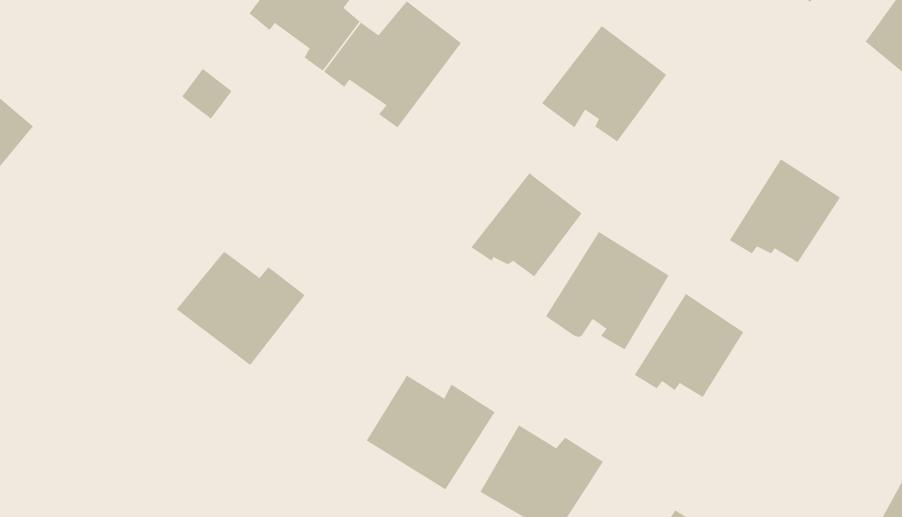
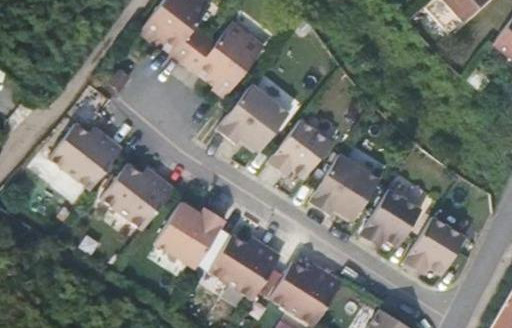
building: [541,25,667,142] -> [217,87,288,153]
building: [729,159,841,263] -> [404,216,467,275]
building: none -> [51,123,123,190]
building: none -> [156,201,226,268]

